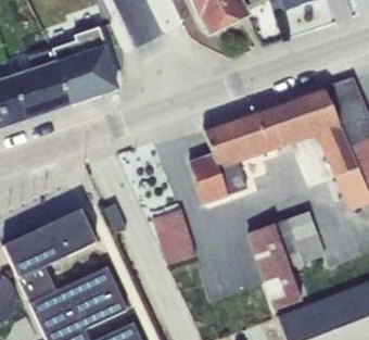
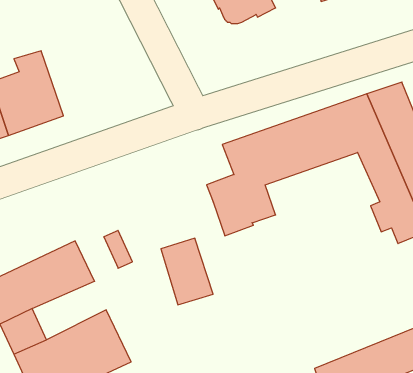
building: [52,26,117,104] -> none
building: [246,210,325,310] -> none

